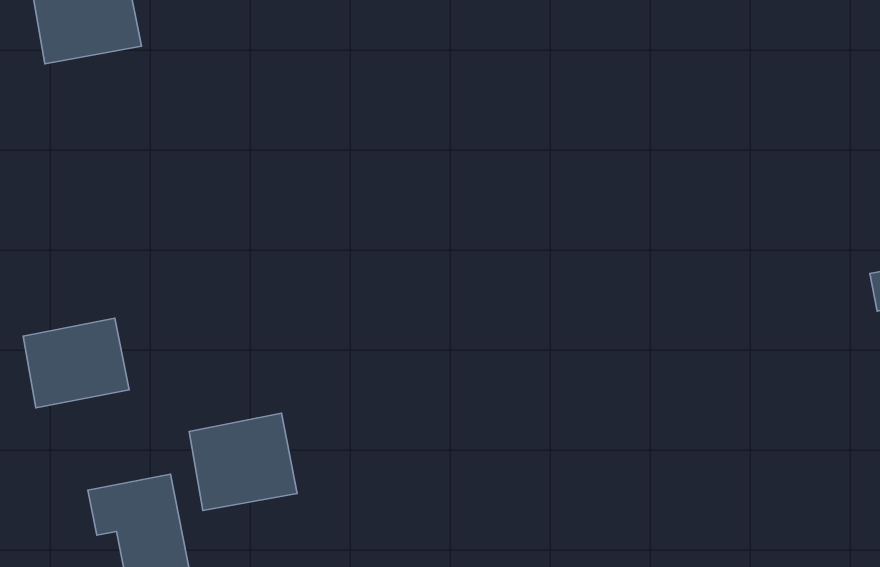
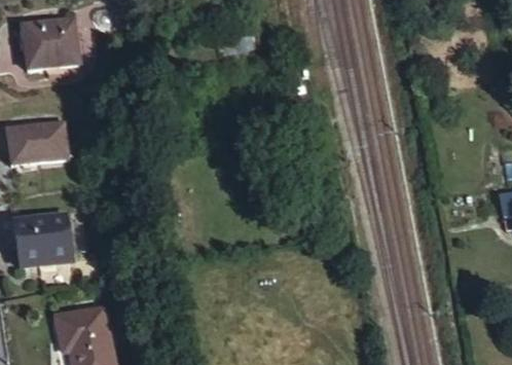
building: none -> [6,112,71,158]
building: [189,413,297,511] -> none

